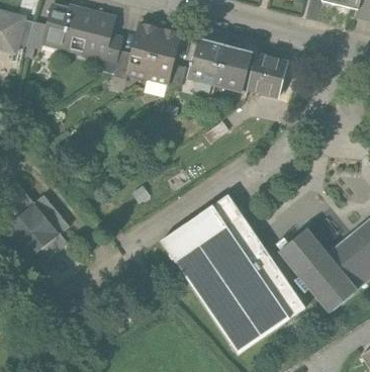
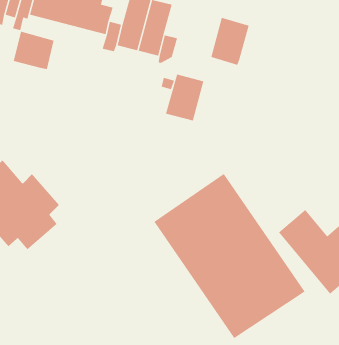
building: [188,38,225,84] -> [165,74,204,121]
building: [244,54,284,95] -> none
building: none -> [13,31,54,70]

